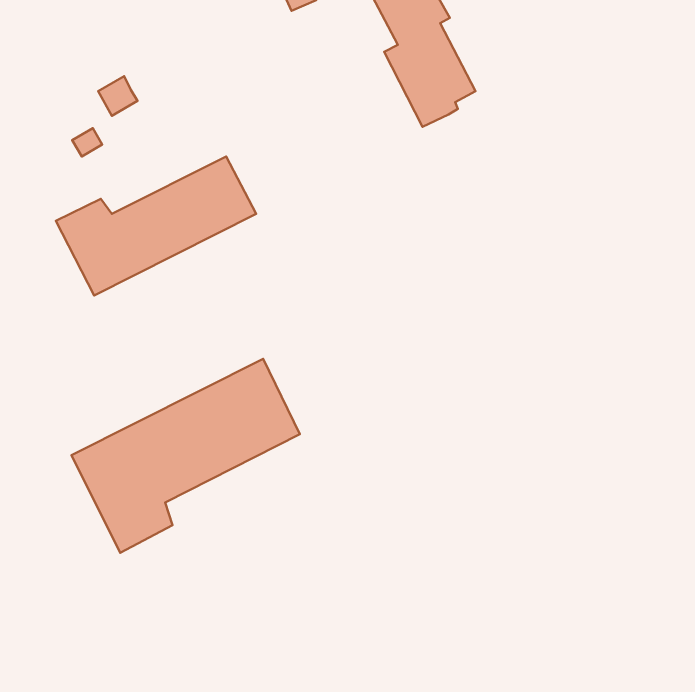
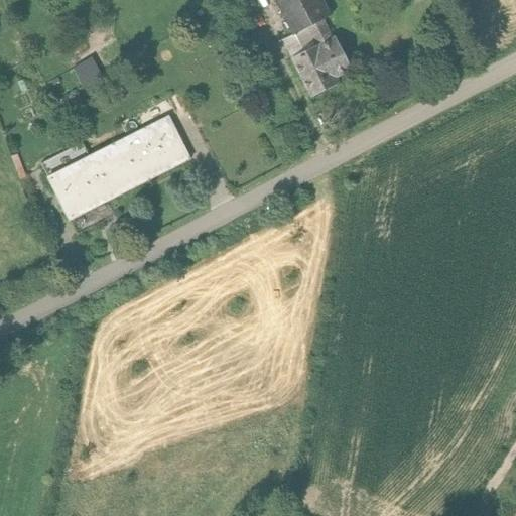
building: [72,359,300,553] -> none

